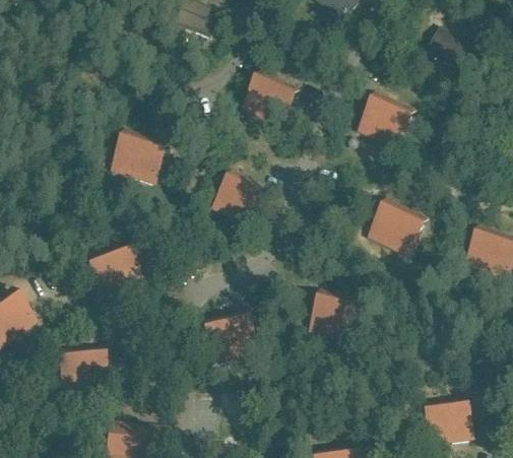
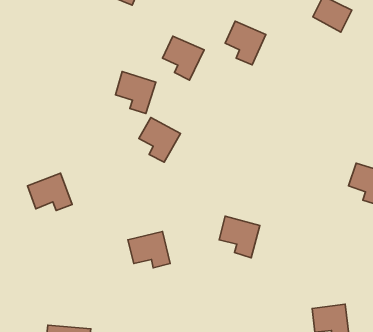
building: [361,96,409,149] -> [225,21,266,65]
building: [114,130,163,181] -> [115,71,156,114]
building: [372,200,423,255] -> none
building: [56,346,102,388] -> none

